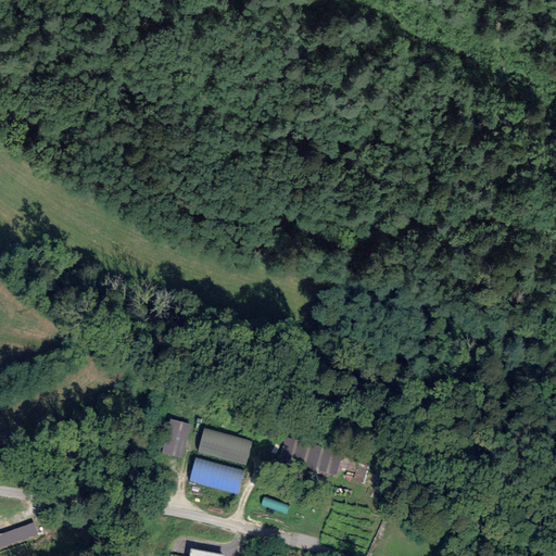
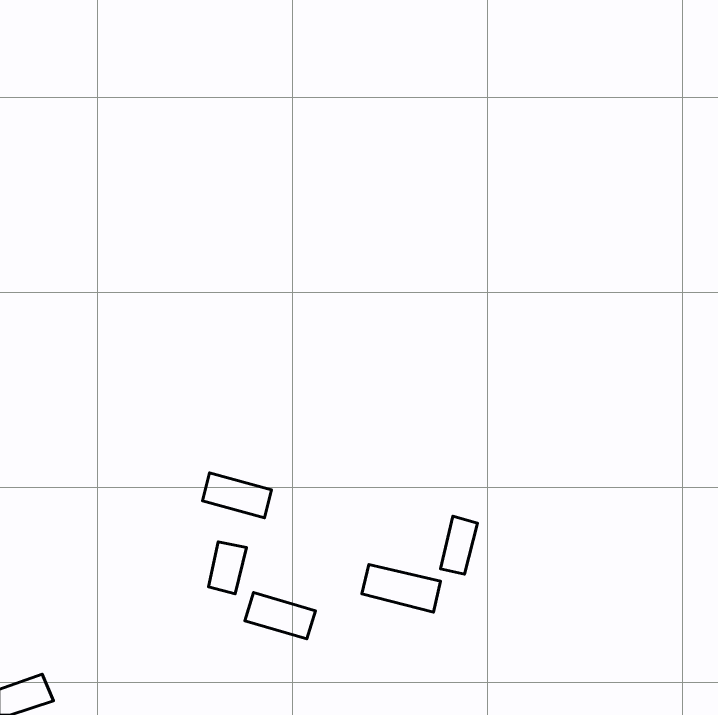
building: none -> [440,516,478,574]
building: [198,428,251,463] -> [203,473,272,518]

